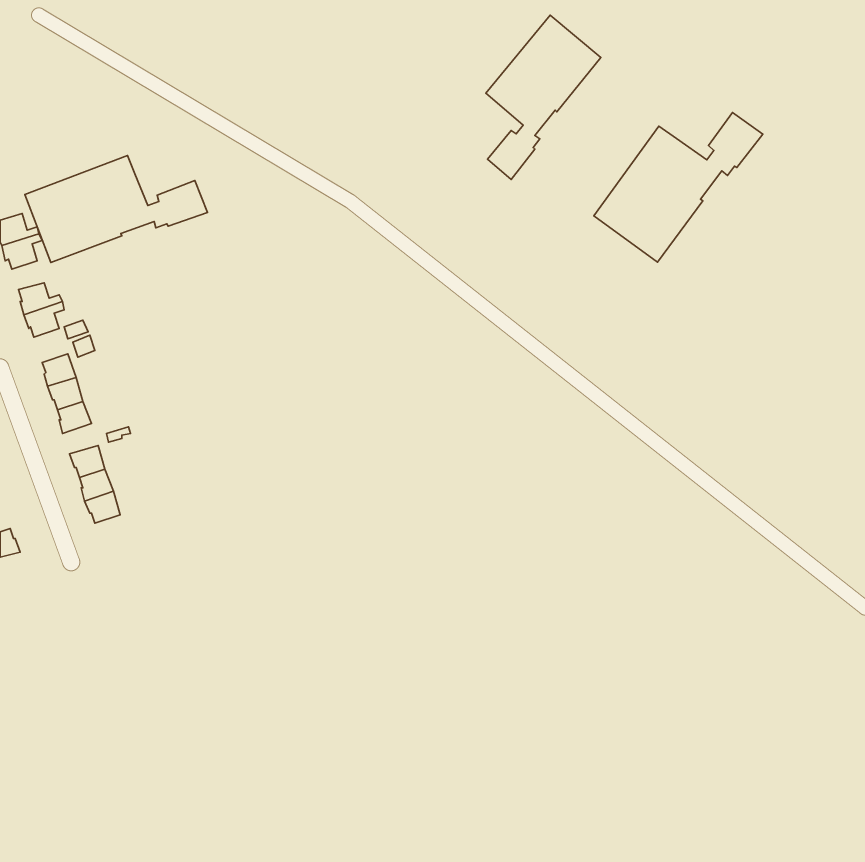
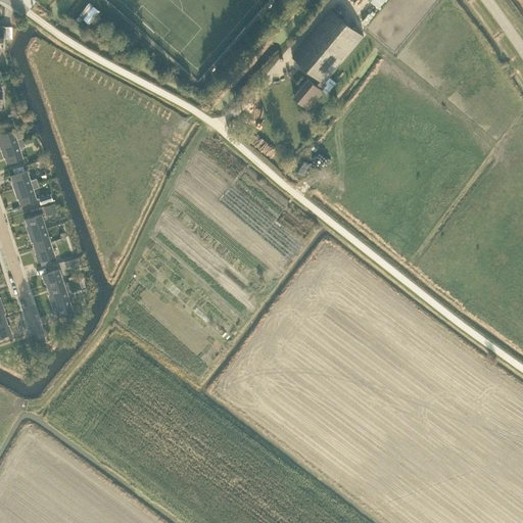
building: [594,113,763,262] -> none
building: [25,155,208,262] -> none

